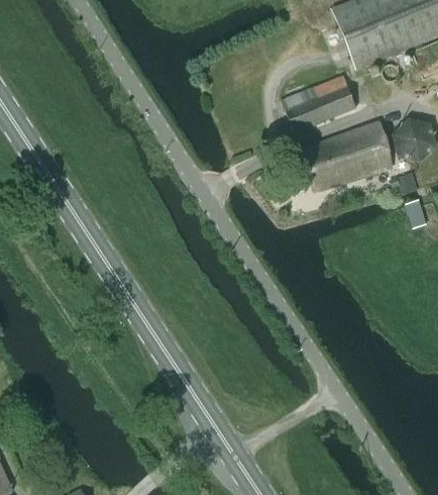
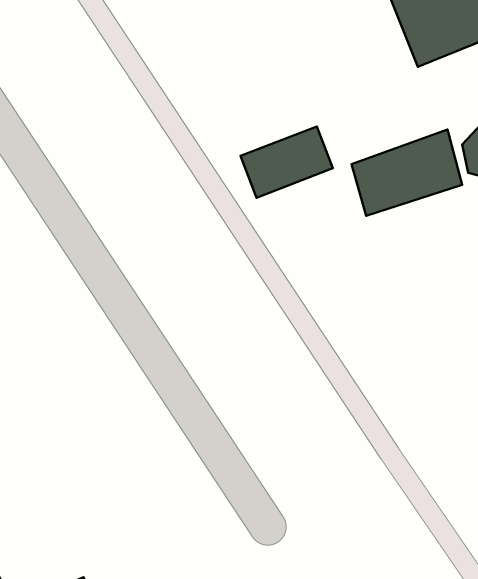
building: [282,74,357,132] -> [241,126,333,198]

